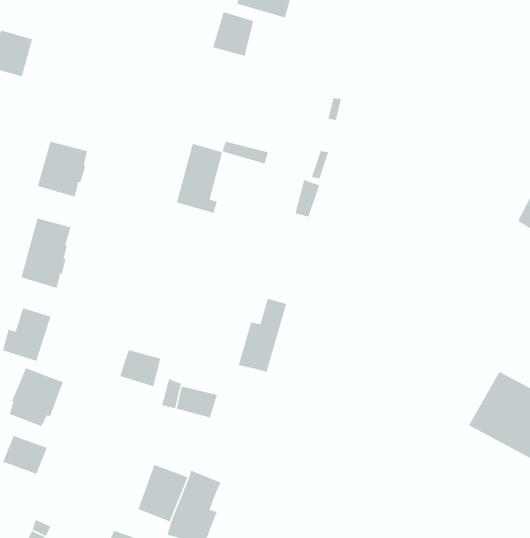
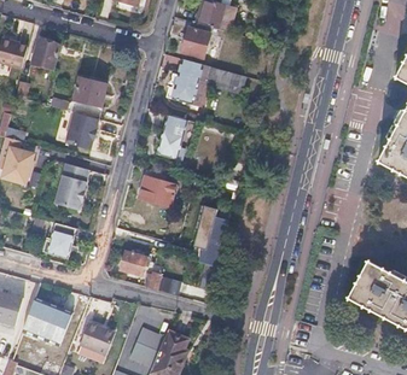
building: none -> [170,58,244,105]
building: none -> [53,76,106,118]
building: none -> [139,176,174,206]
building: [9,367,64,427] -> [77,321,114,361]

